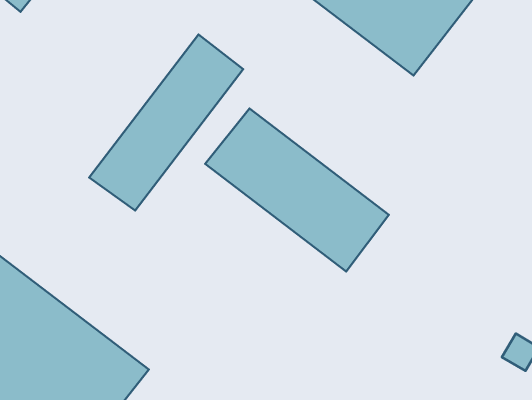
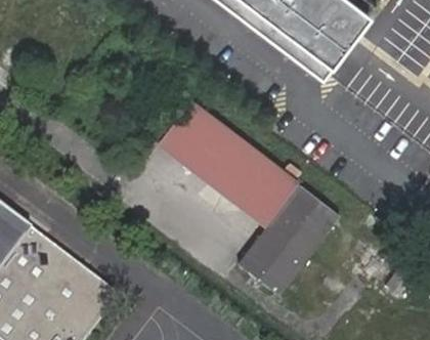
building: [89,34,243,211] -> none
building: none -> [240,184,341,296]

